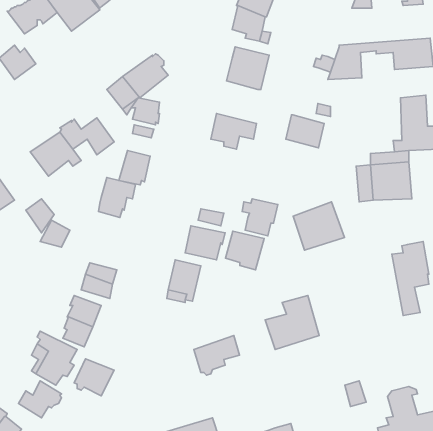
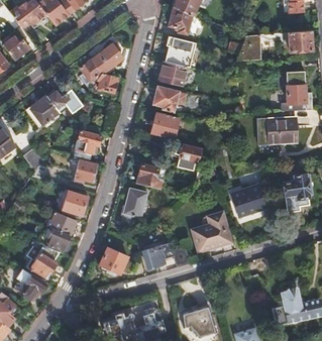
building: [286,115,324,148] -> [160,61,188,84]
building: [119,151,150,185] -> [75,158,97,183]
building: [293,202,344,250] -> [231,182,267,216]
building: [226,231,264,270] -> [152,112,180,139]
building: [74,359,114,396] -> [100,247,128,273]

